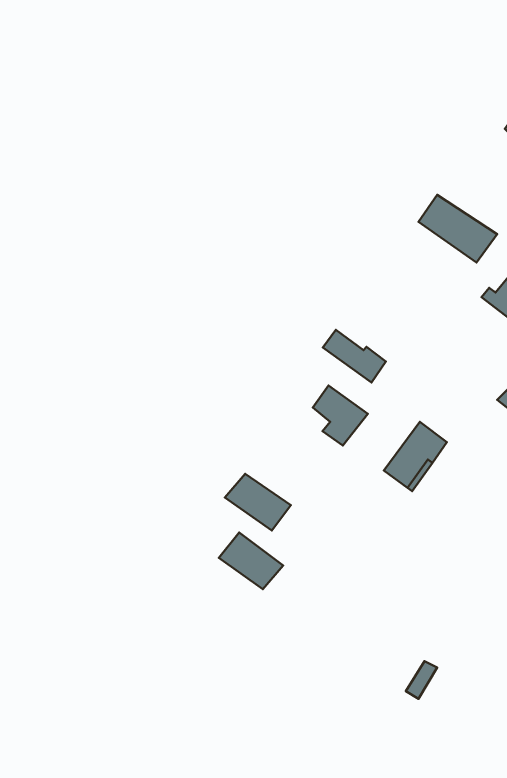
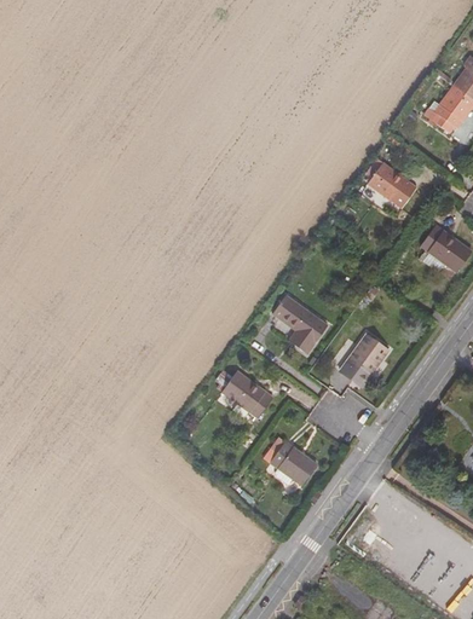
building: [323,330,386,383] -> none
building: [219,532,283,589] -> [265,442,315,486]

